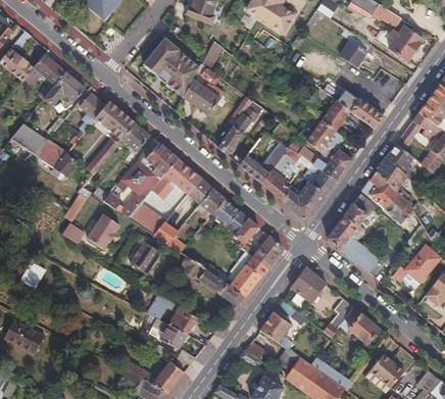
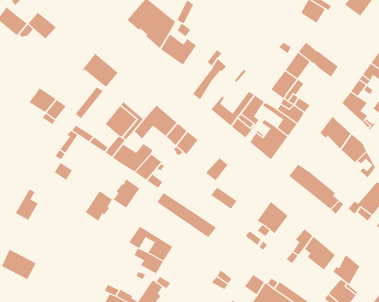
building: [43,71,86,106] -> none
building: [79,92,106,132] -> none
building: [11,122,47,155] -> none
building: [122,122,150,151] -> none
building: [141,138,179,174] -> none
building: [376,156,410,199] -> none
building: [337,193,374,235] -> none
building: [212,198,249,233] -> none
building: [87,213,118,248] -> [85,190,113,221]
building: [253,230,283,266] -> none
building: [230,264,262,296] -> none
building: [260,312,291,342] -> none
building: none -> [333,254,360,285]

